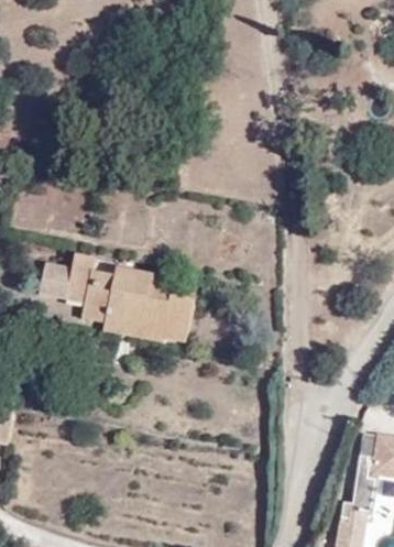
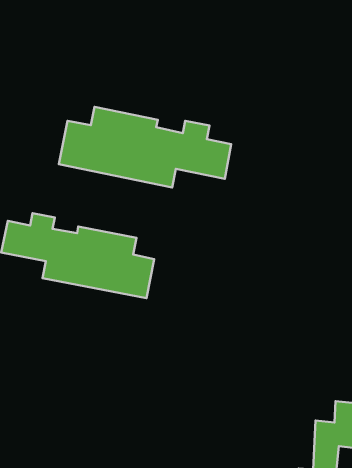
building: none -> [59,107,231,187]

